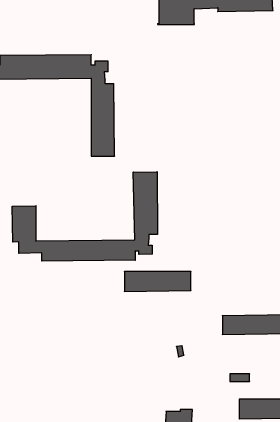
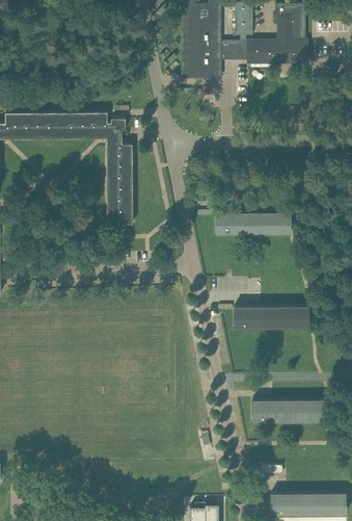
building: none -> [216,213,291,235]
building: [12,172,157,261] -> none
building: [124,272,191,291] -> [235,307,308,329]

